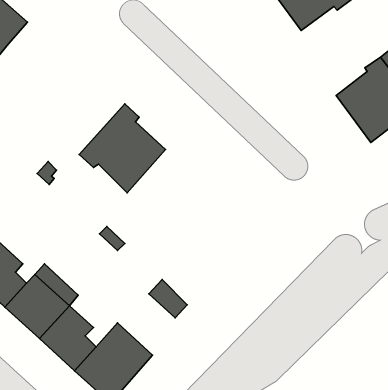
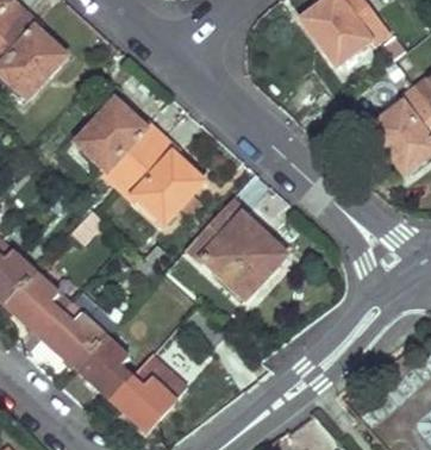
building: none -> [76,100,161,185]
building: none -> [186,199,279,299]

